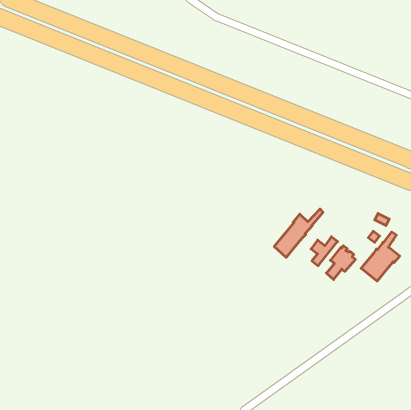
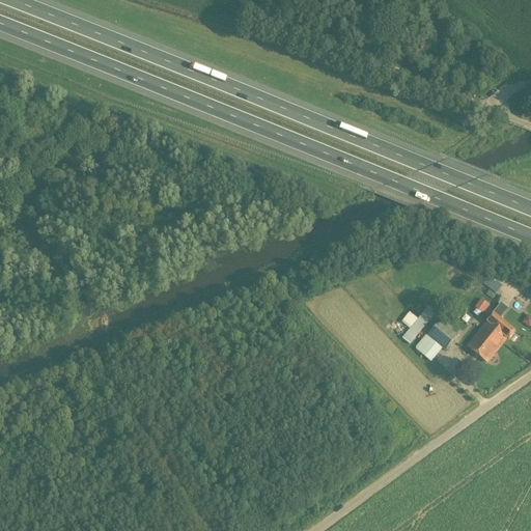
building: [274,209,323,257] -> none

